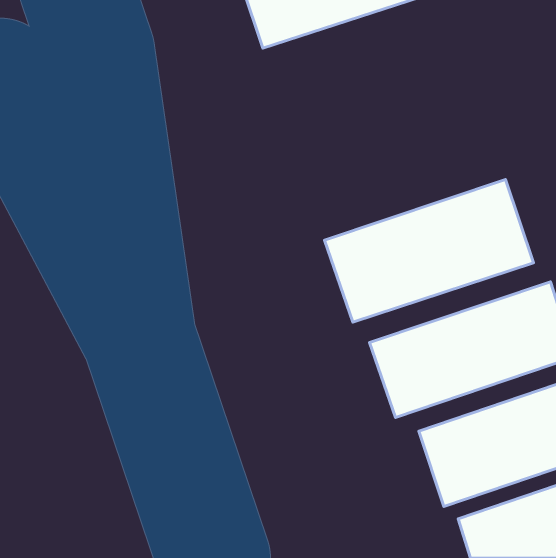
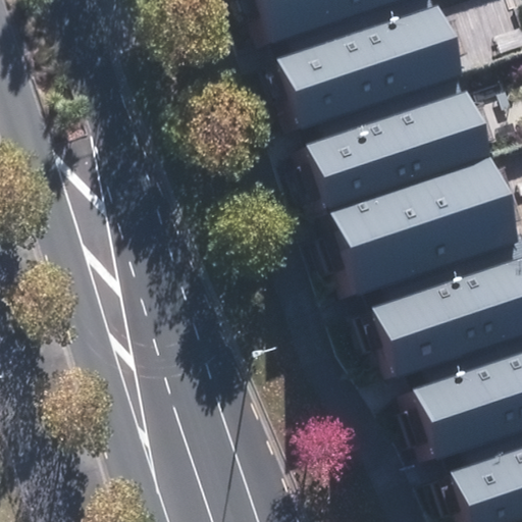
building: none -> [262,9,449,133]
building: none -> [288,89,474,211]

